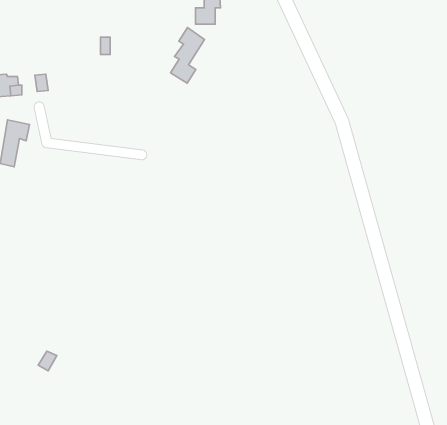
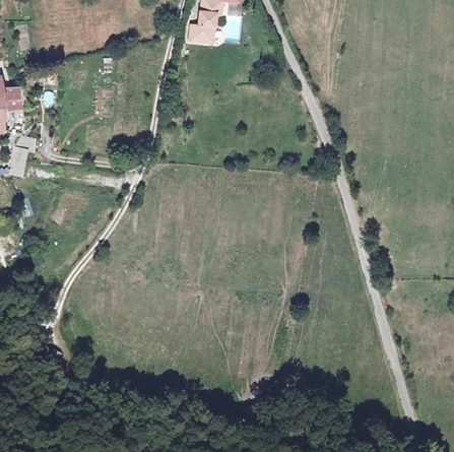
building: [170,28,204,83] -> none

